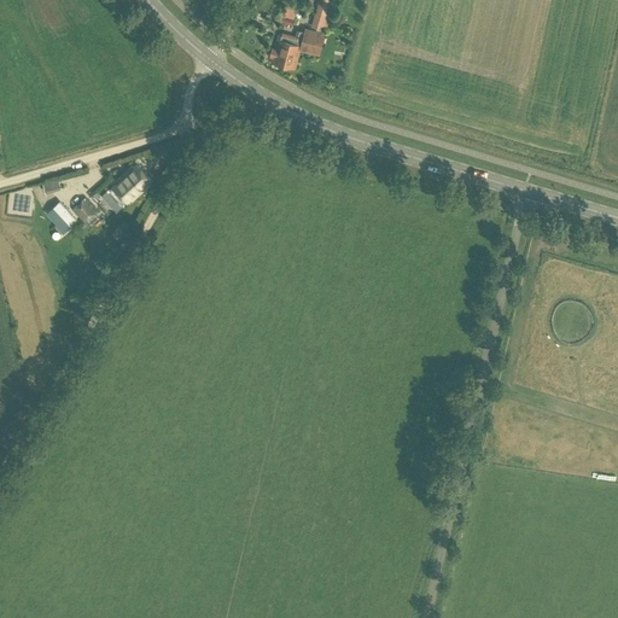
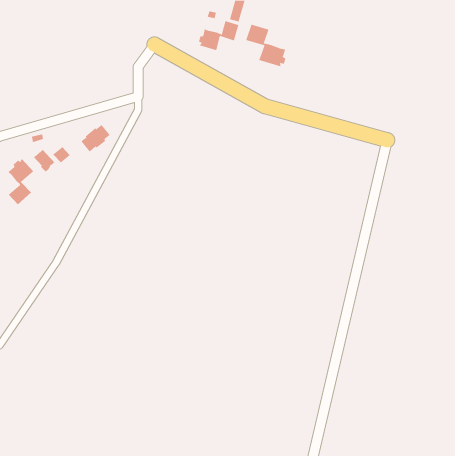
building: none -> [246,24,286,67]
building: none -> [8,158,34,205]

